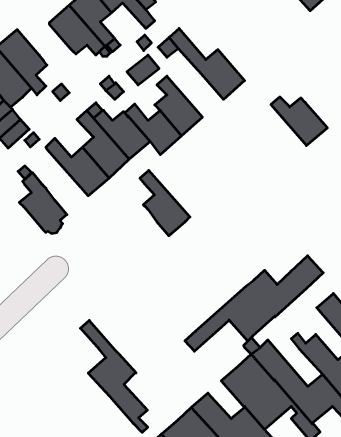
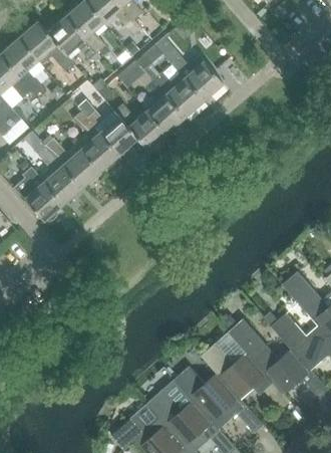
building: none -> [17,20,73,70]
building: [271,97,327,146] -> [152,72,204,117]
building: [140,170,190,236] -> [36,146,81,205]
building: [185,256,323,351] -> none
building: [80,320,148,432] -> none

